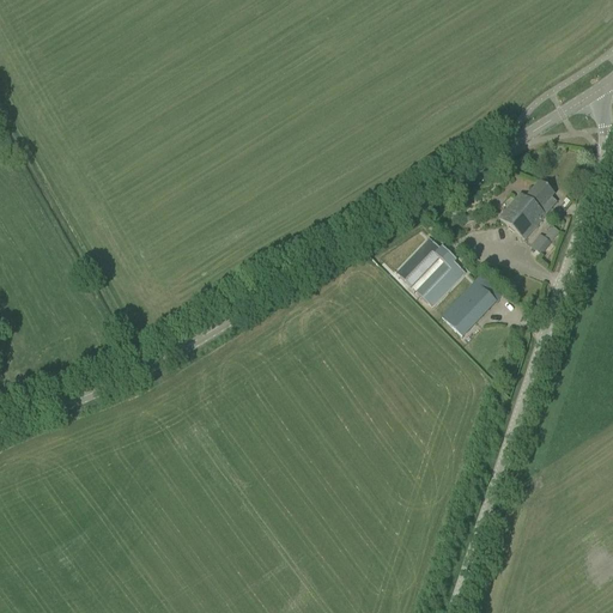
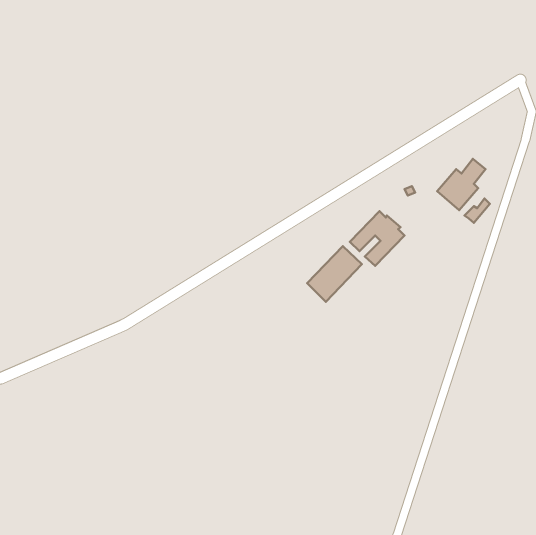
building: [442,273,504,336] -> [307,246,362,302]

